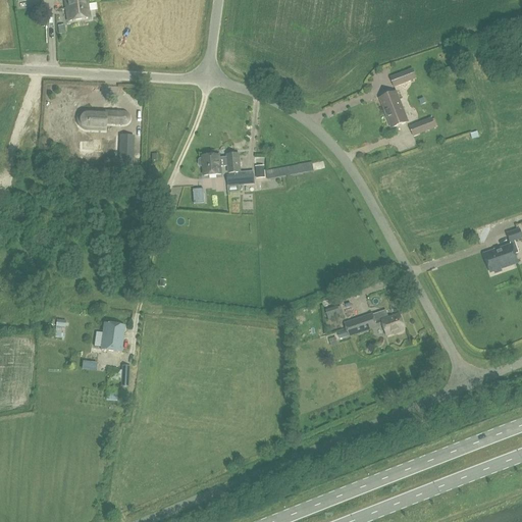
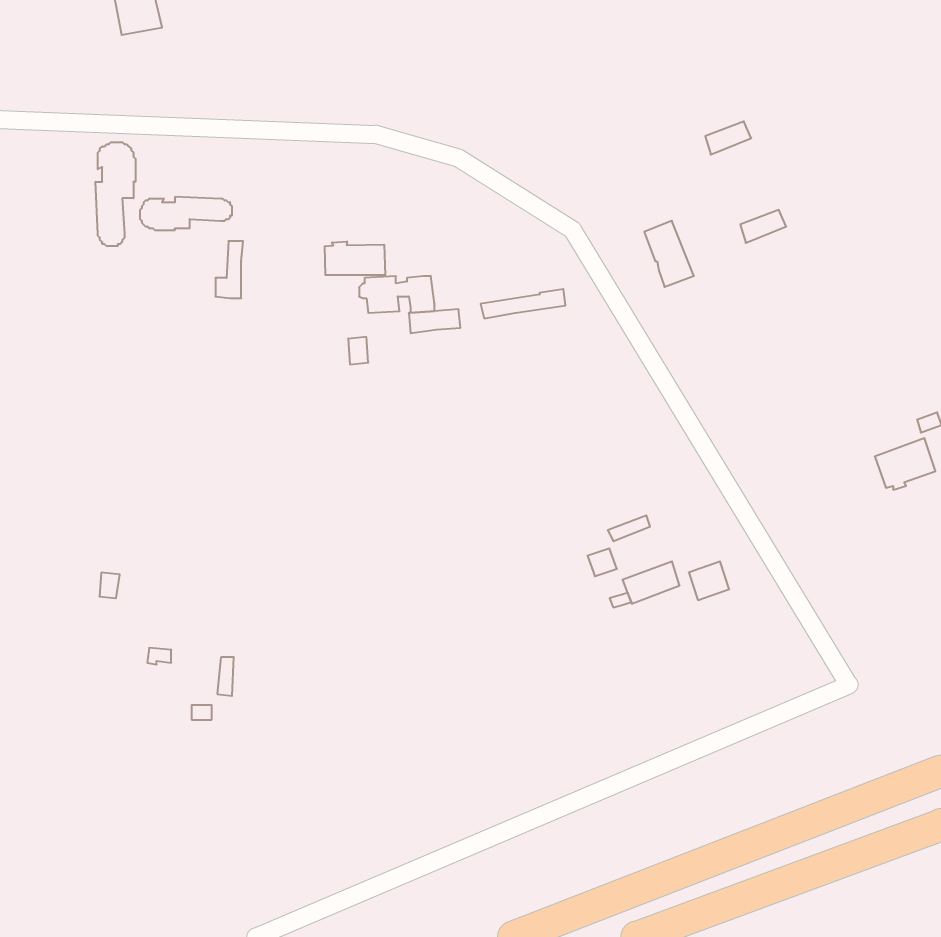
building: none -> [96,142,136,246]
building: [380,90,408,126] -> [644,221,694,287]
building: none -> [325,241,385,275]
building: [100,321,124,351] -> none

